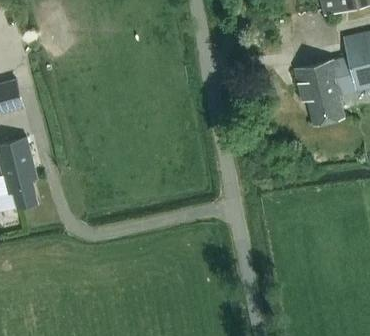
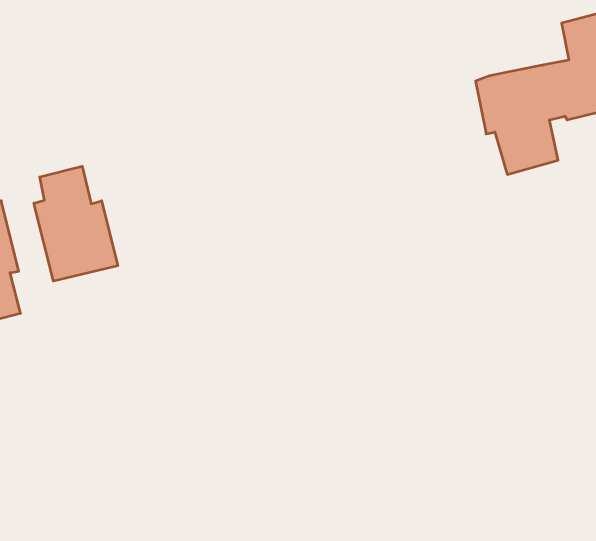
building: none -> [34,166,118,281]

